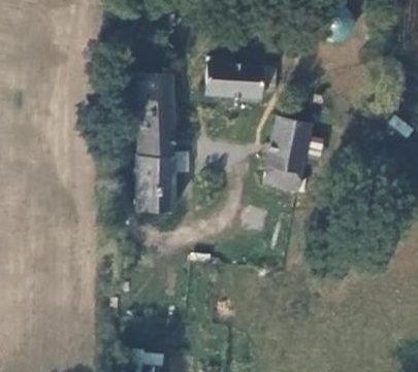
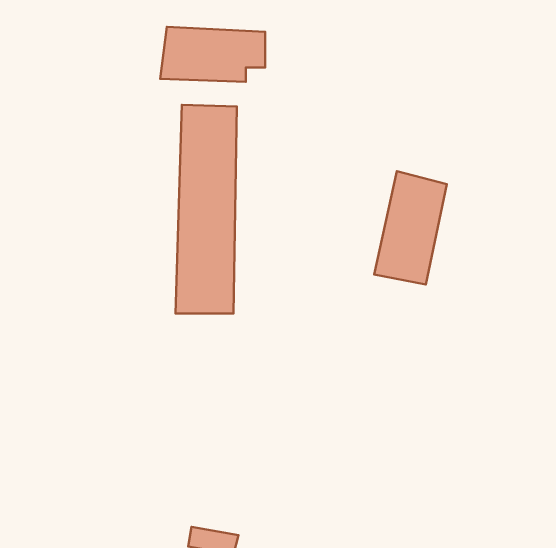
building: [206,64,274,99] -> [160,27,265,82]

